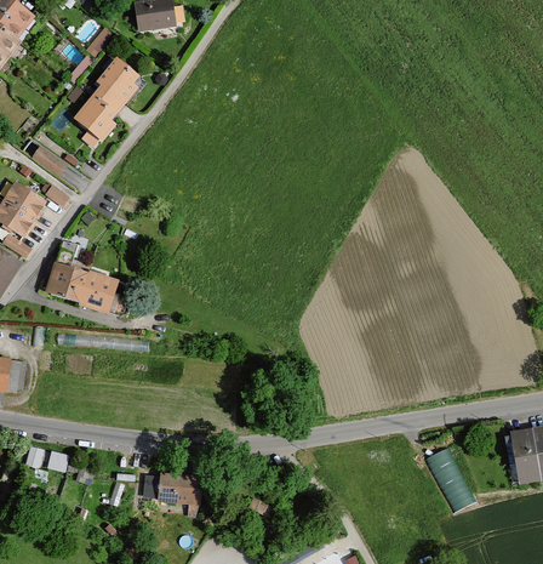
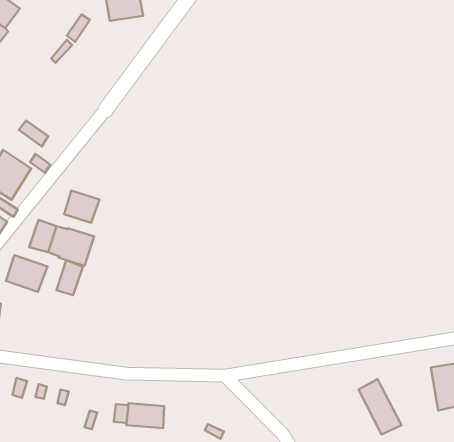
building: [72,53,139,139] -> none
building: none -> [64,191,99,223]
building: none -> [6,255,48,292]
building: none -> [57,260,83,295]

